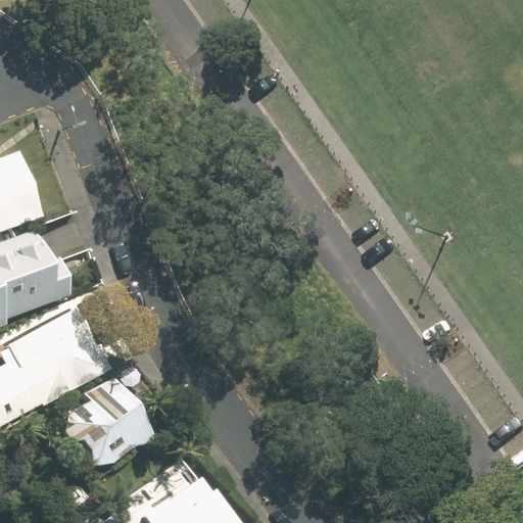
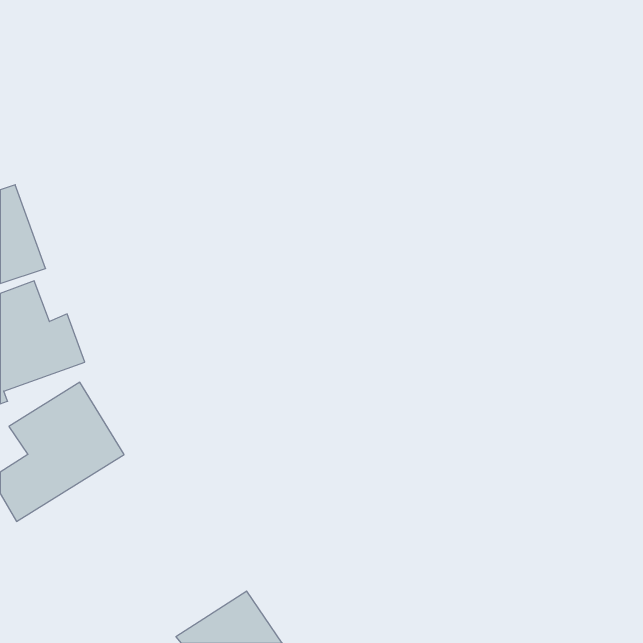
building: [58,383,152,475] -> none

